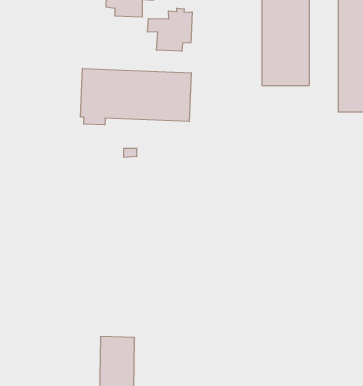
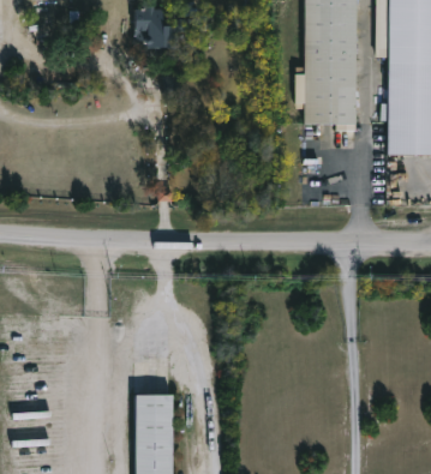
building: [147,8,192,51] -> none
building: [81,68,191,125] -> none

